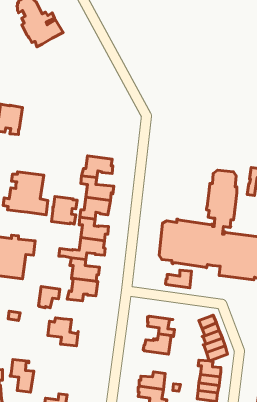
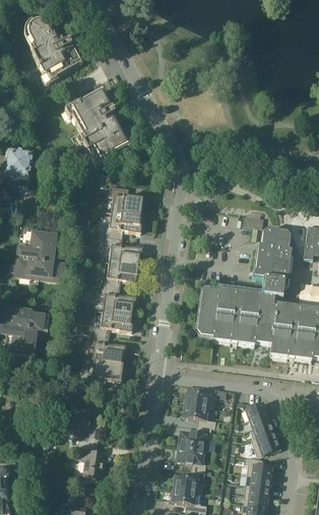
building: none -> [72,88,130,158]
building: none -> [110,184,145,213]
building: [52,197,77,224] -> none
building: [165,270,192,288] -> [185,385,216,406]
building: [39,286,60,308] -> none
building: none -> [178,444,209,471]
building: [10,359,34,392] -> [76,436,105,475]

